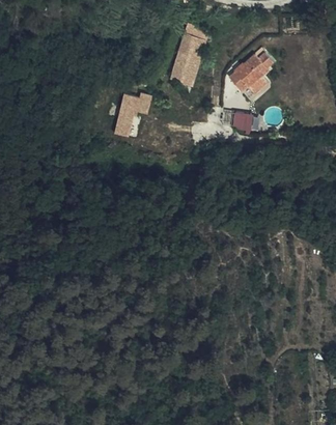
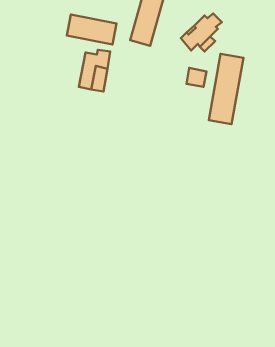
building: none -> [67,15,116,44]
building: none -> [209,54,243,124]

